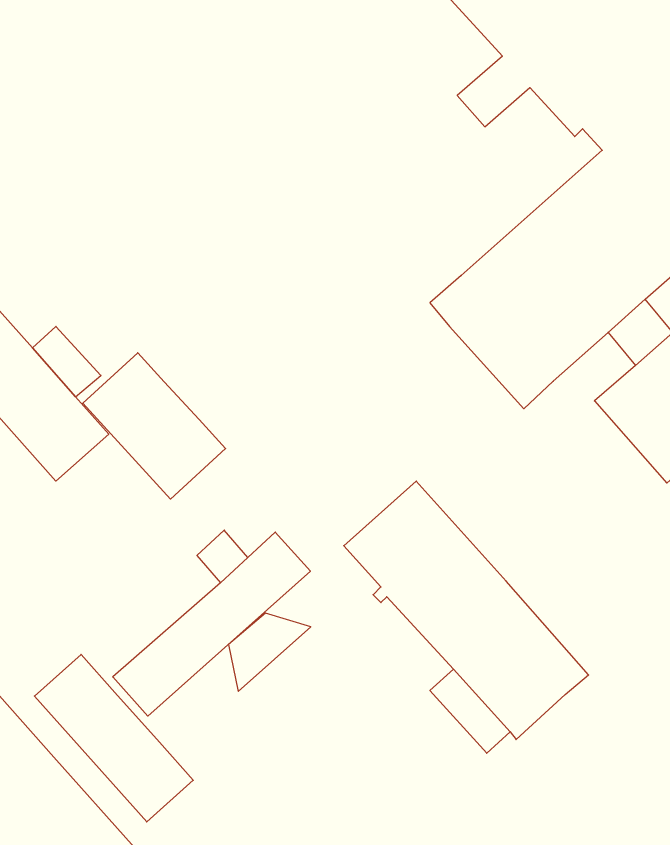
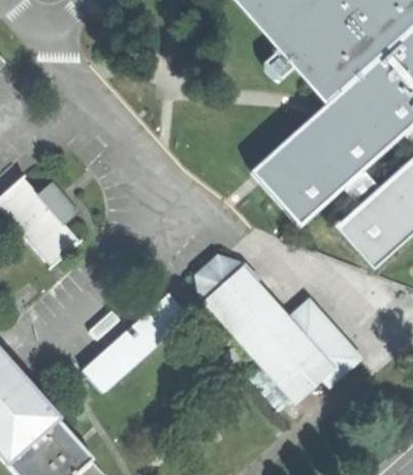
building: [83,353,226,499] -> none
building: none -> [290,302,359,385]
building: [228,613,311,691] -> [199,258,243,299]
building: [34,654,193,822] -> none

